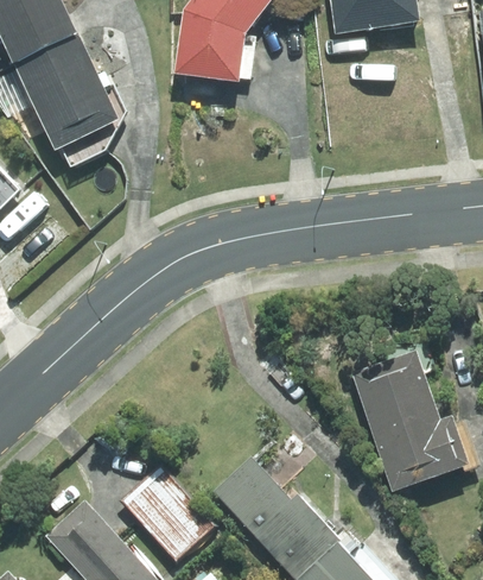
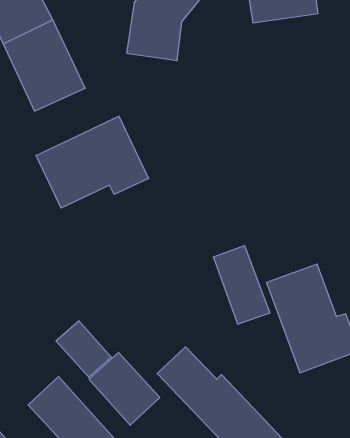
building: none -> [36,116,148,208]
building: none -> [213,246,270,324]
building: none -> [56,321,111,377]

